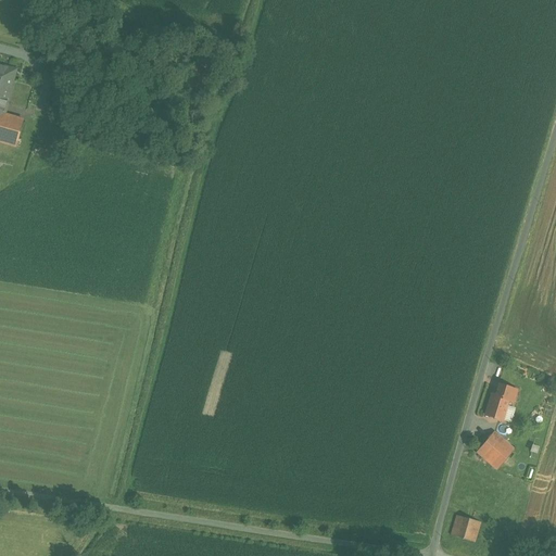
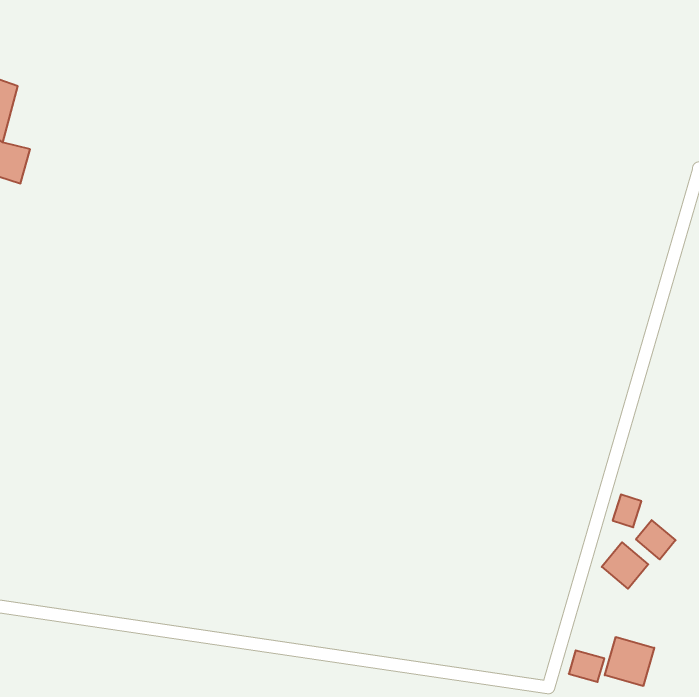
building: none -> [636,520,676,559]
building: none -> [605,637,654,686]

